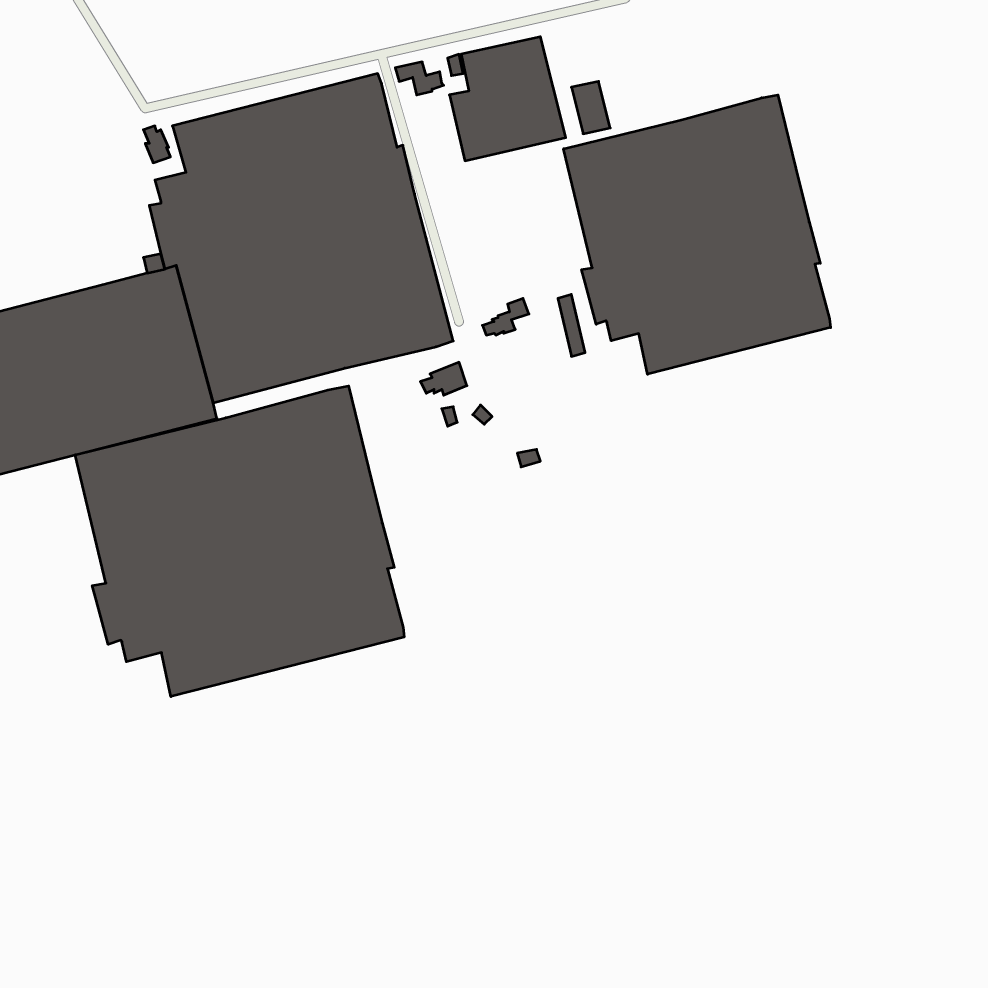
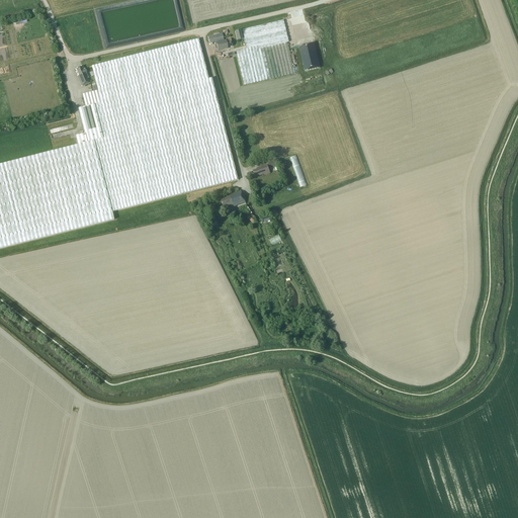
building: [564,95,831,374] -> none
building: [75,386,404,697] -> none

